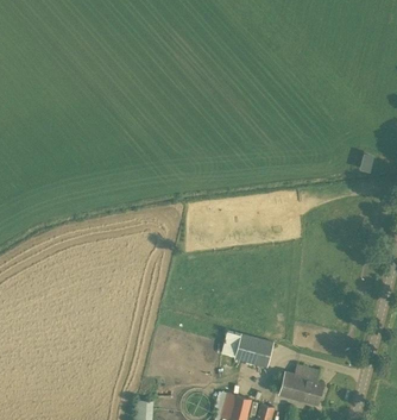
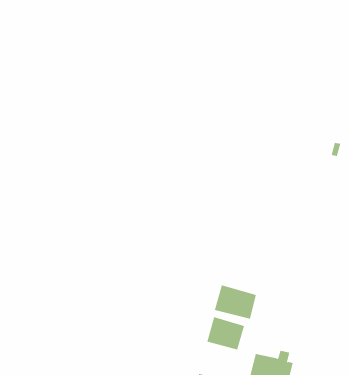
building: none -> [214,284,256,319]

